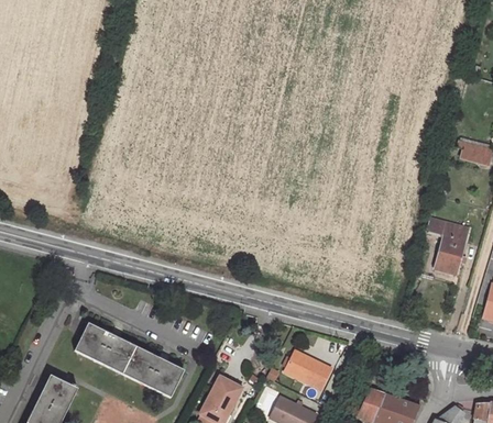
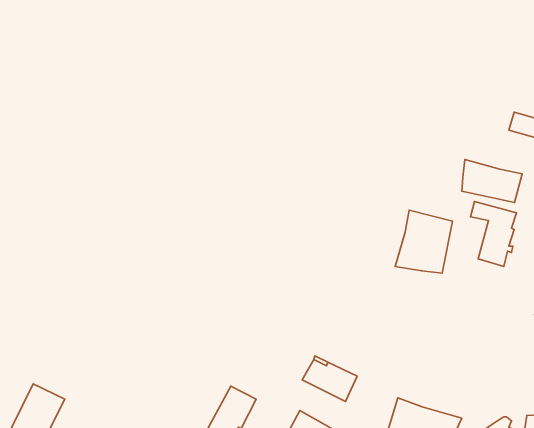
building: none -> [462,159,522,203]
building: none -> [395,210,453,273]
building: [76,323,184,397] -> none

